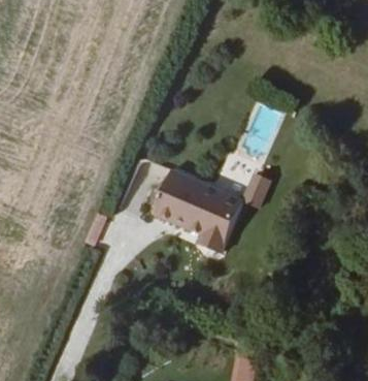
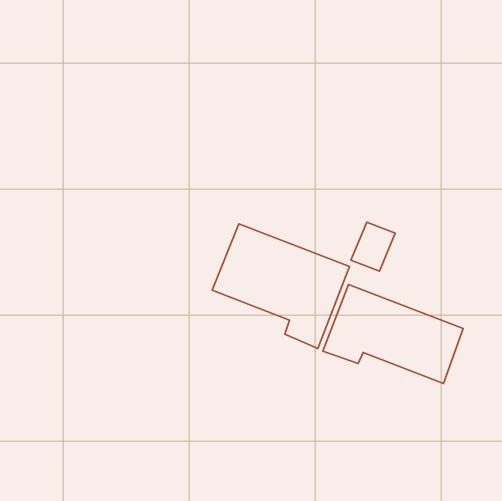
building: none -> [323,284,463,383]

